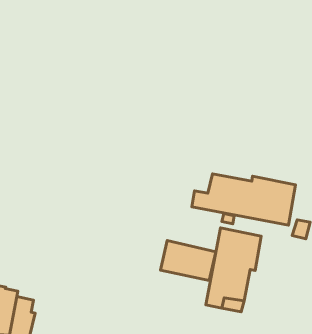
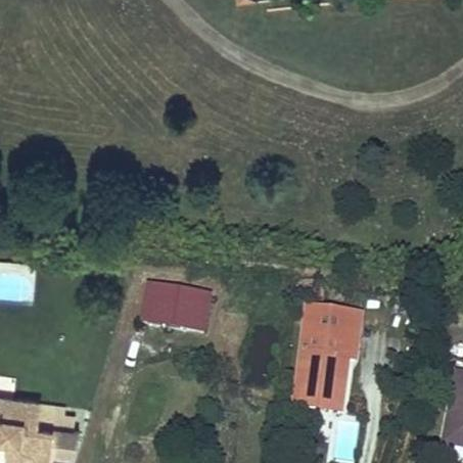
building: [192,174,296,225] -> none
building: [160,241,216,281] -> [141,281,210,328]

